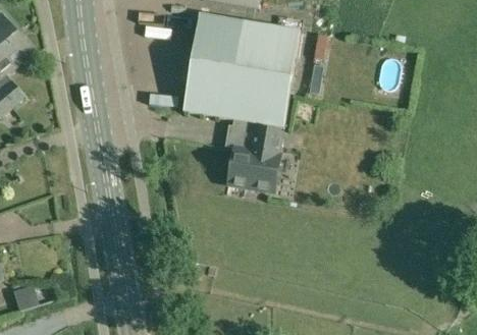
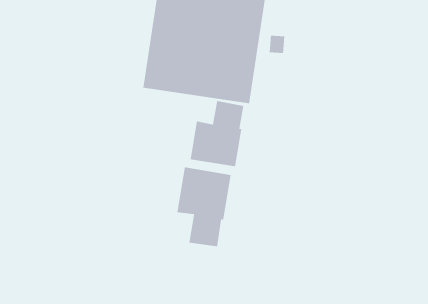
building: none -> [177,166,231,247]

